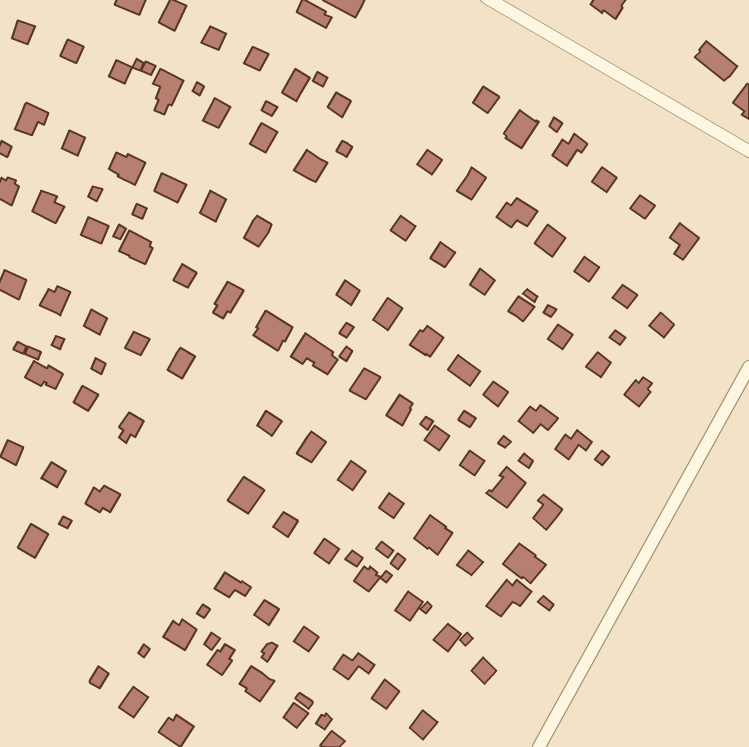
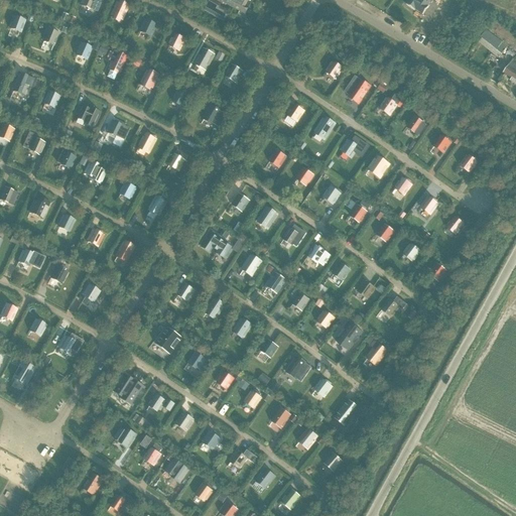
building: [253,311,293,351] -> none
building: [503,543,546,583] -> none
building: none -> [115,374,142,403]

